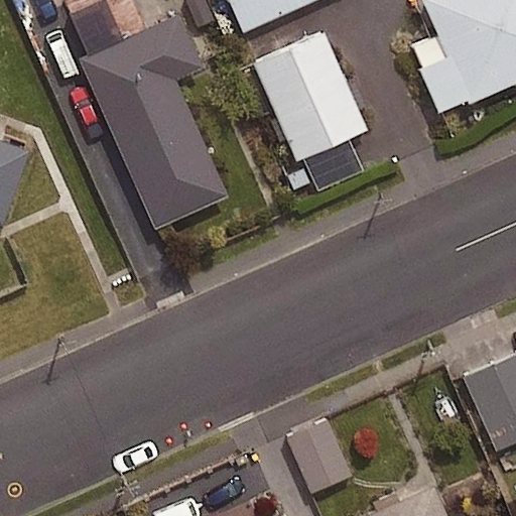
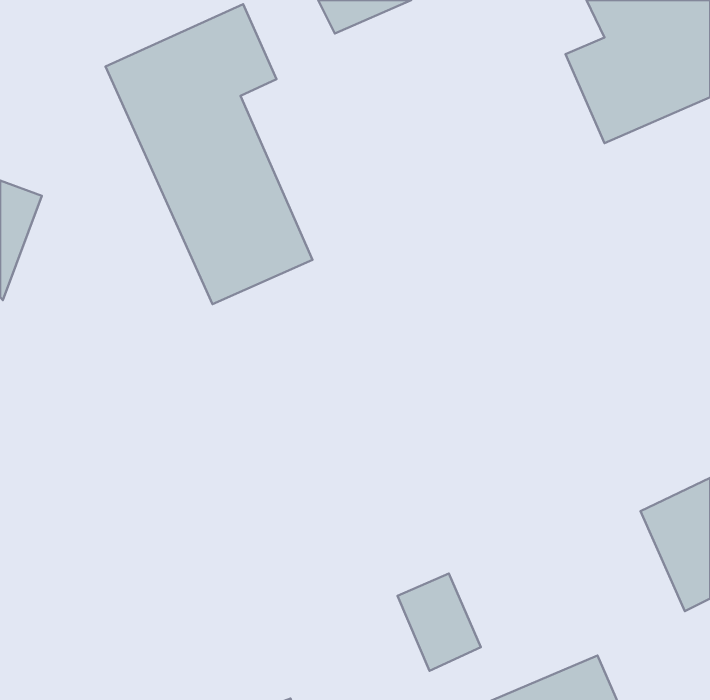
building: [252,31,368,161] -> none

